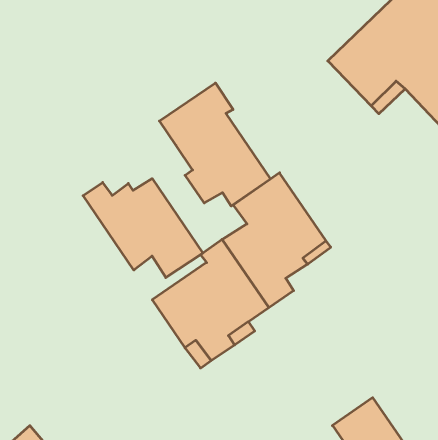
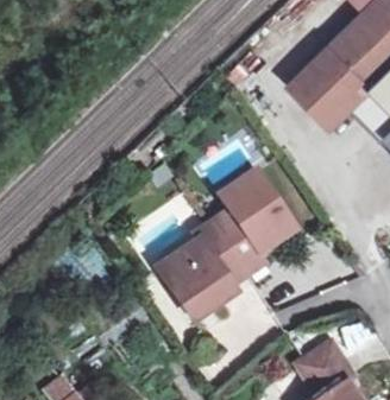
building: [159,83,270,206] -> none
building: [83,179,203,278] -> none

